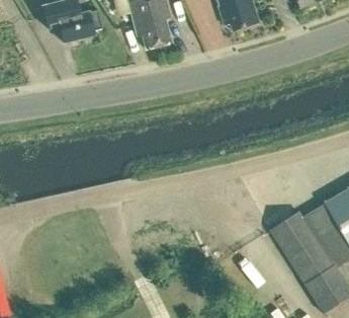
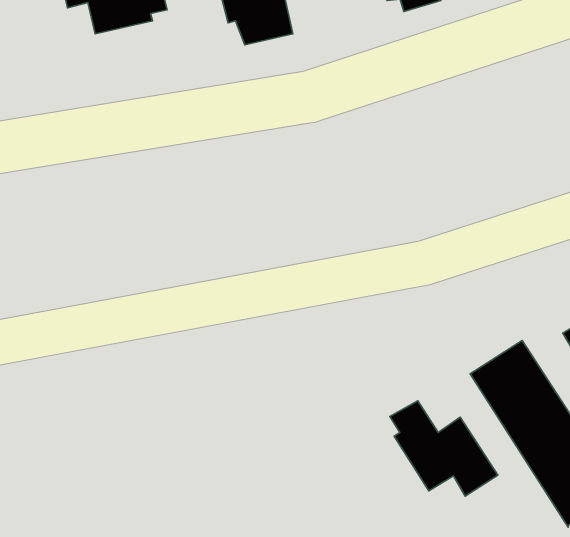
building: none -> [390,401,498,496]

